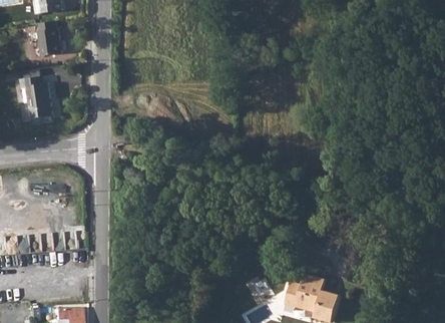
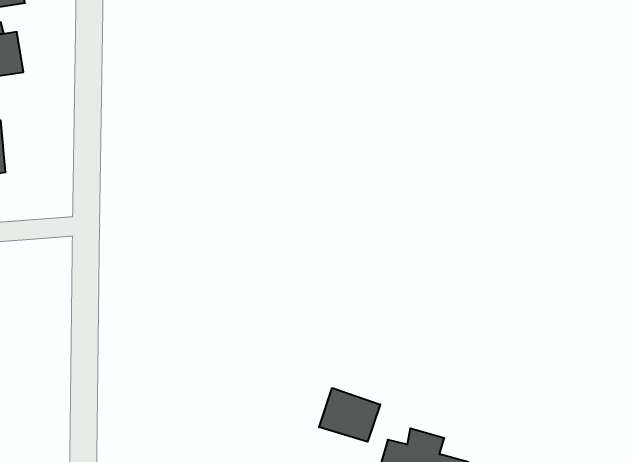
building: none -> [319,388,380,442]

